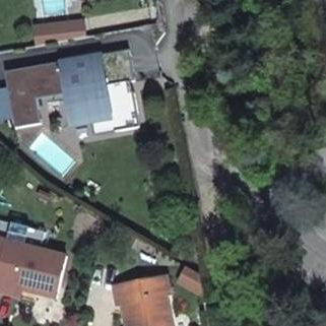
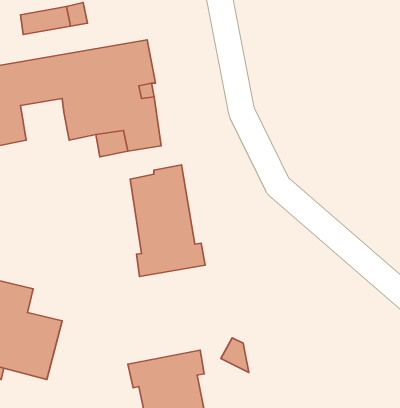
building: none -> [130,165,205,276]

